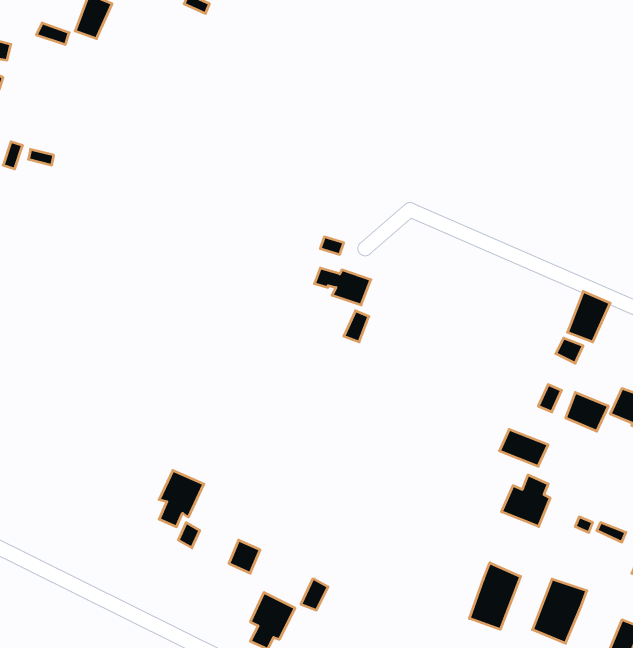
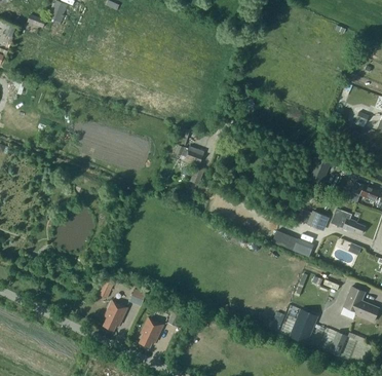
building: [159,470,204,527] -> [105,300,128,330]
building: [502,475,550,527] -> none
building: [469,563,521,629] -> none

